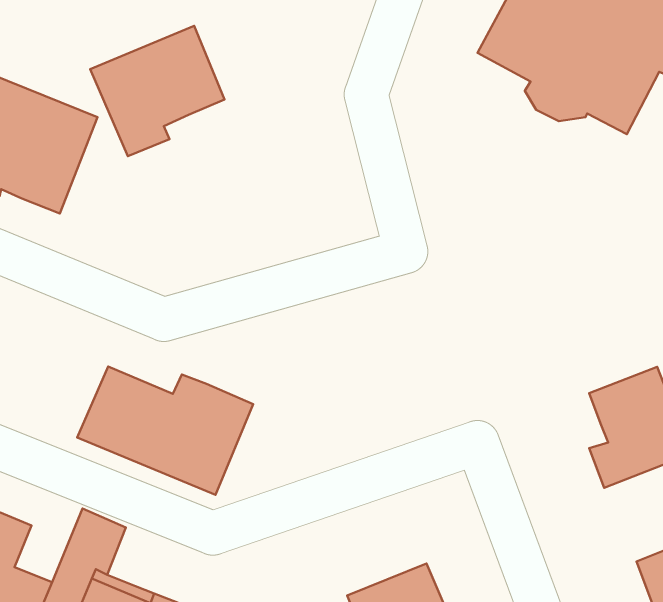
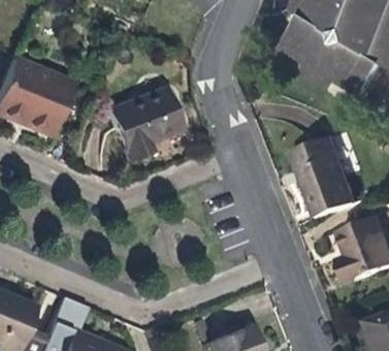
building: [90,26,224,156] -> [109,87,183,158]
building: none -> [292,137,356,217]
building: [77,366,253,495] -> none

